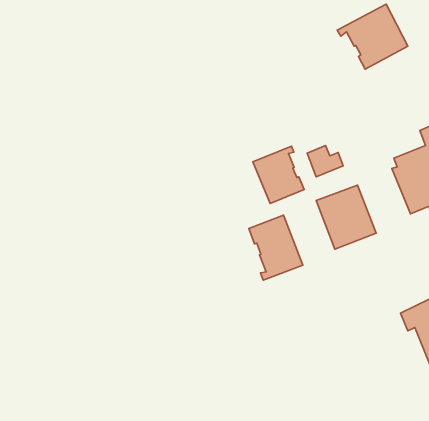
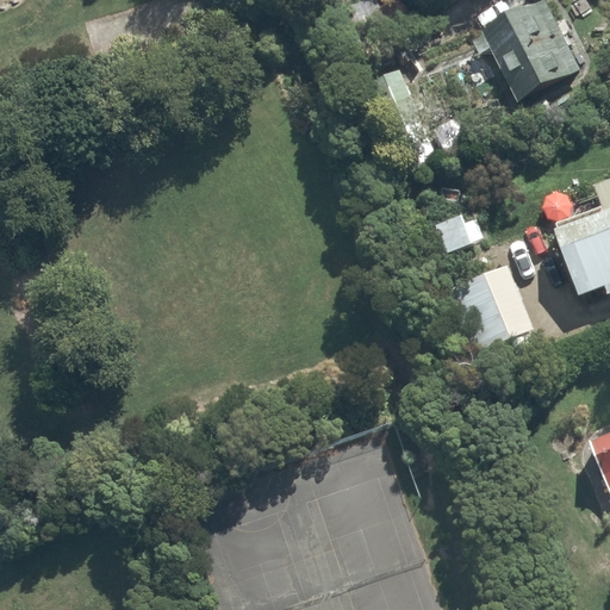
building: [253,146,304,203] -> none
building: [249,215,303,280] -> none

